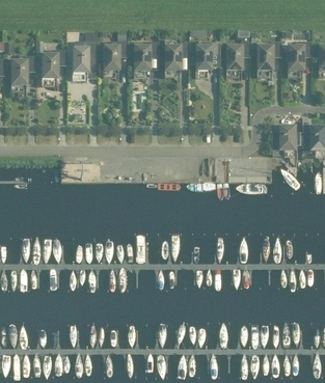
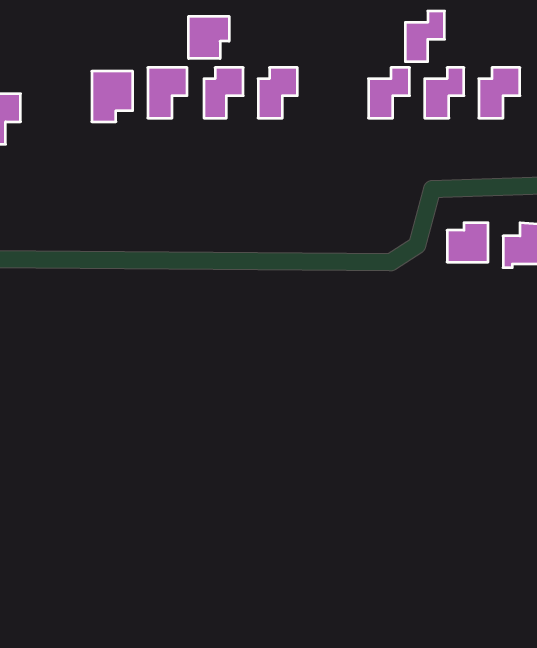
building: none -> [189,16,229,59]
building: [196,43,218,71] -> [405,11,445,62]
building: [43,51,64,79] -> none

